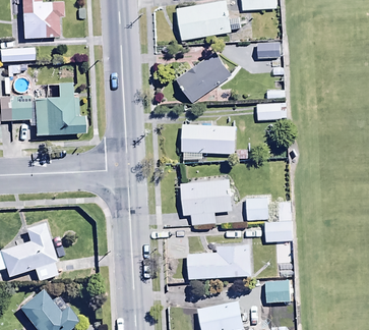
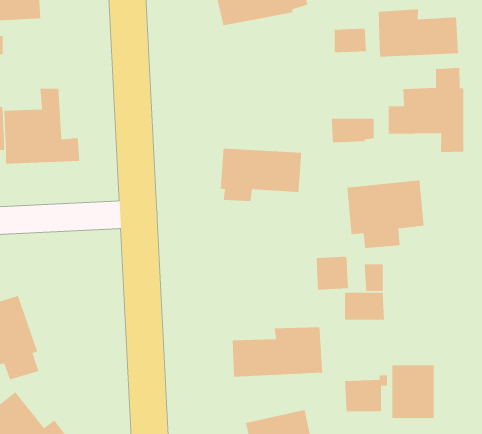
building: none -> [378,8,459,57]
building: [177,52,232,103] -> none
building: none -> [388,67,464,153]
building: [180,178,233,225] -> [346,180,425,249]
building: none -> [391,365,434,419]

